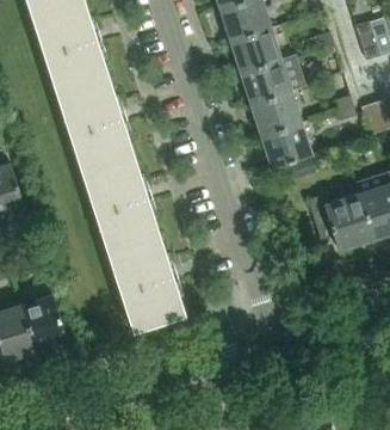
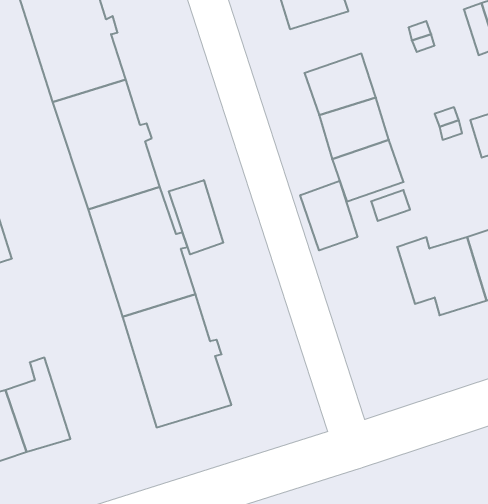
building: [229,27,281,73] -> none
building: none -> [169,180,223,254]
building: none -> [300,181,357,250]

